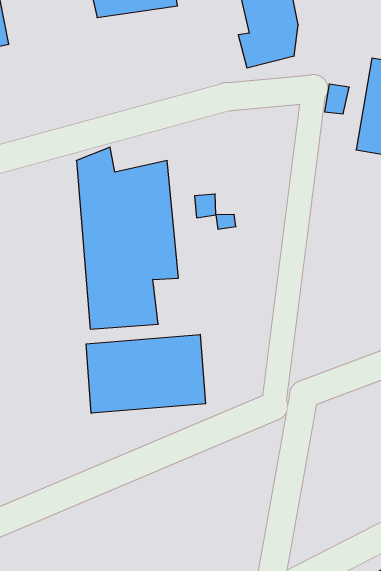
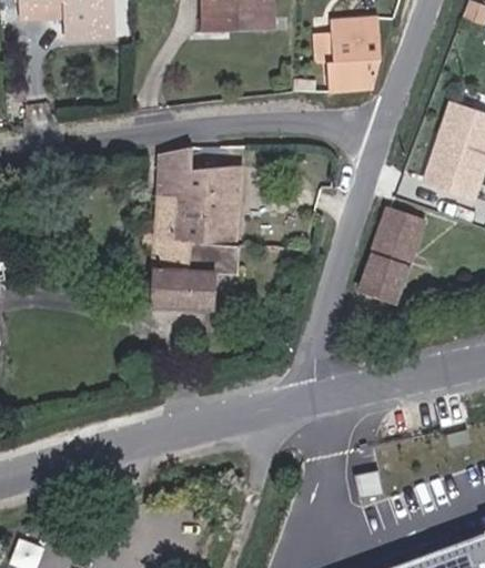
building: none -> [357,207,426,307]
building: [86,334,205,413] -> none

